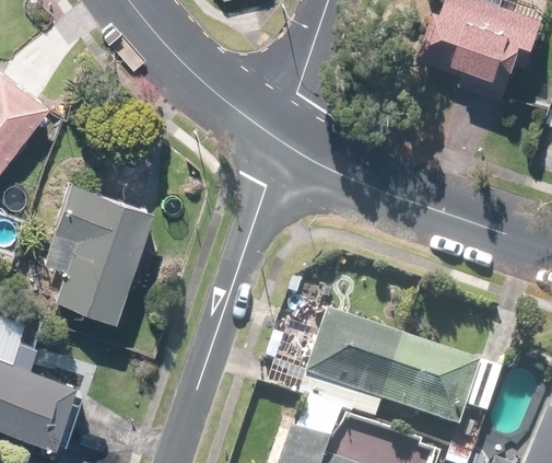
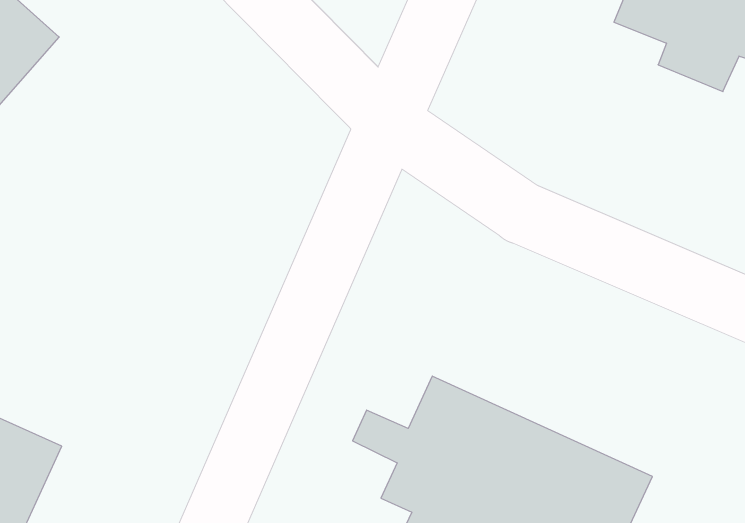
building: [55,178,153,322] -> none

